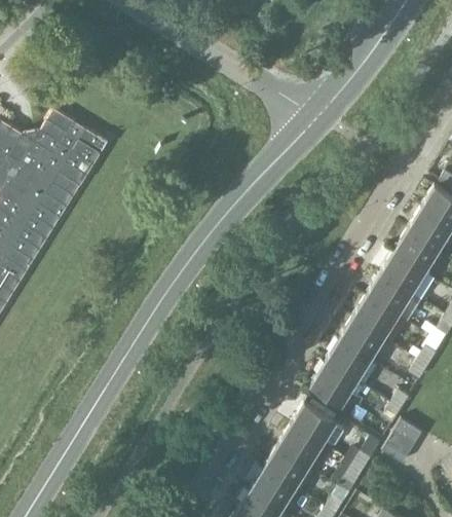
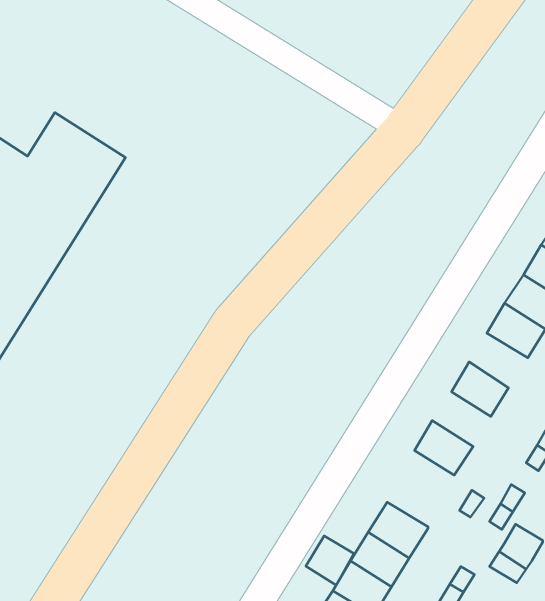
building: [366,276,410,318] -> none
building: [338,321,382,362] -> none
building: [310,365,354,406] -> none
building: none -> [306,536,354,585]

